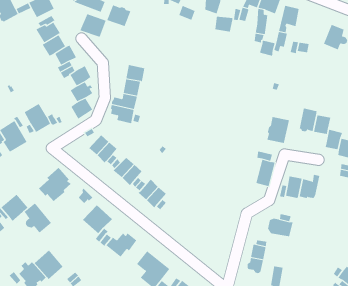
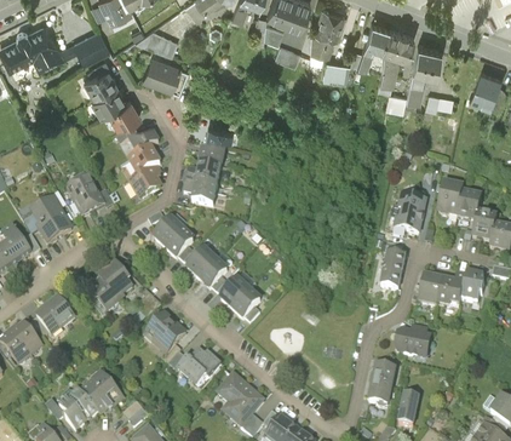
building: [107,4,131,27] -> none
building: none -> [461,273,486,305]
building: [24,203,52,233] -> none

